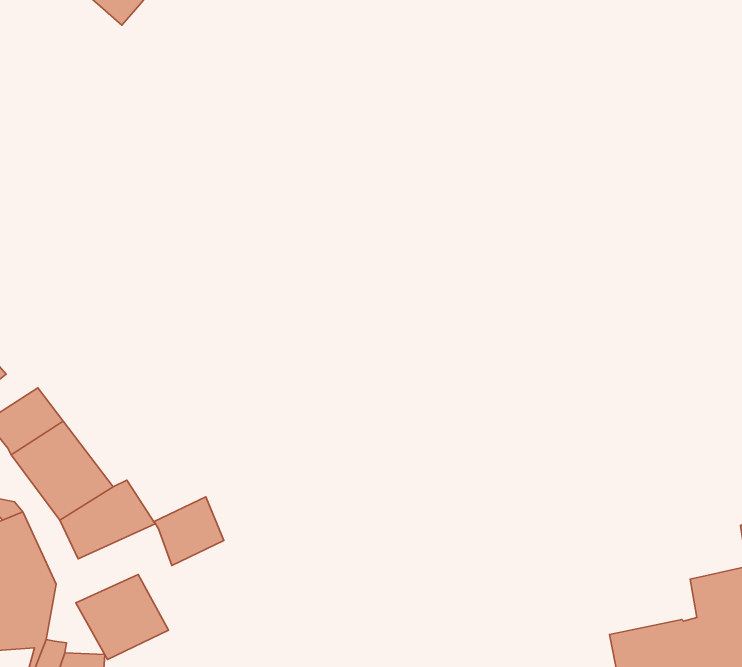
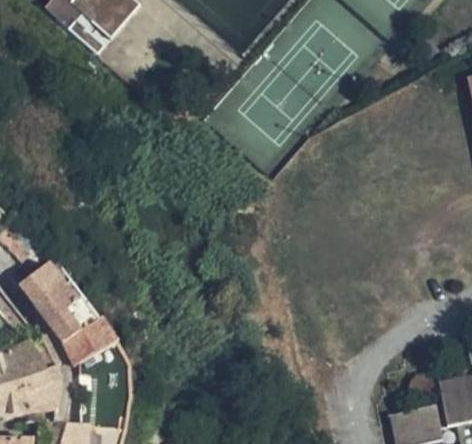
building: [154,497,224,565] -> none
building: [76,574,169,659] -> none

